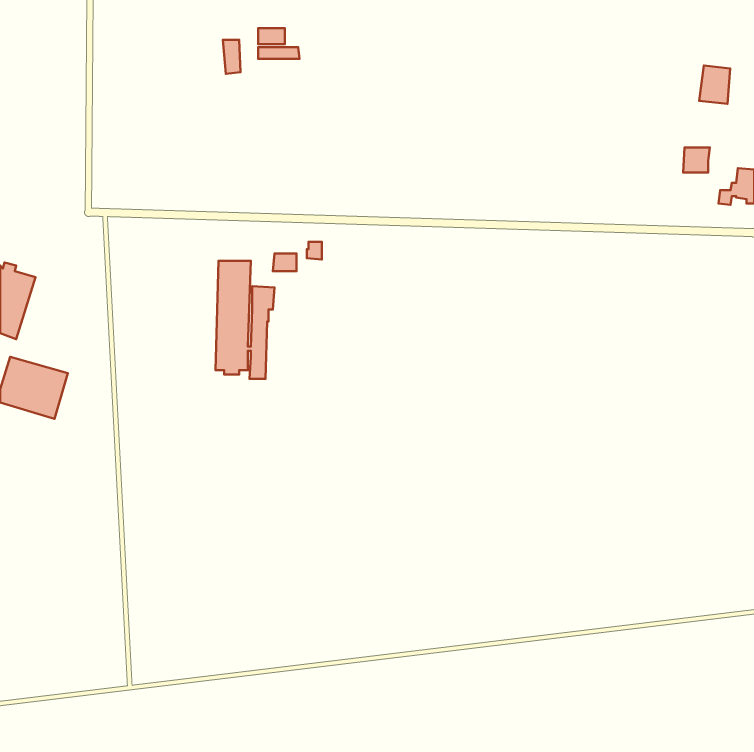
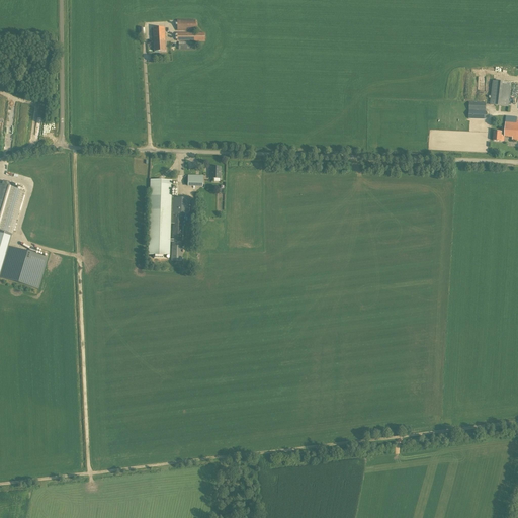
building: [699,66,730,104] -> [490,80,511,106]

